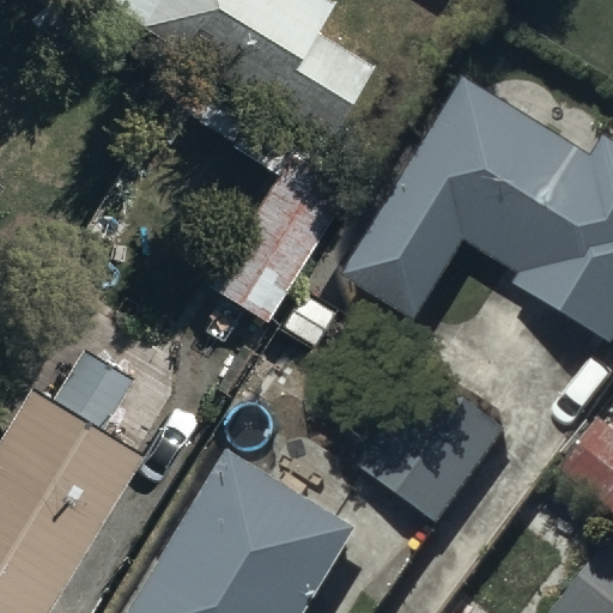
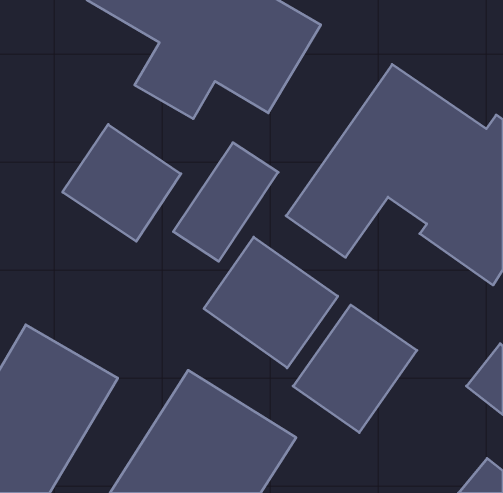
building: none -> [63,124,181,241]
building: none -> [204,237,338,368]

